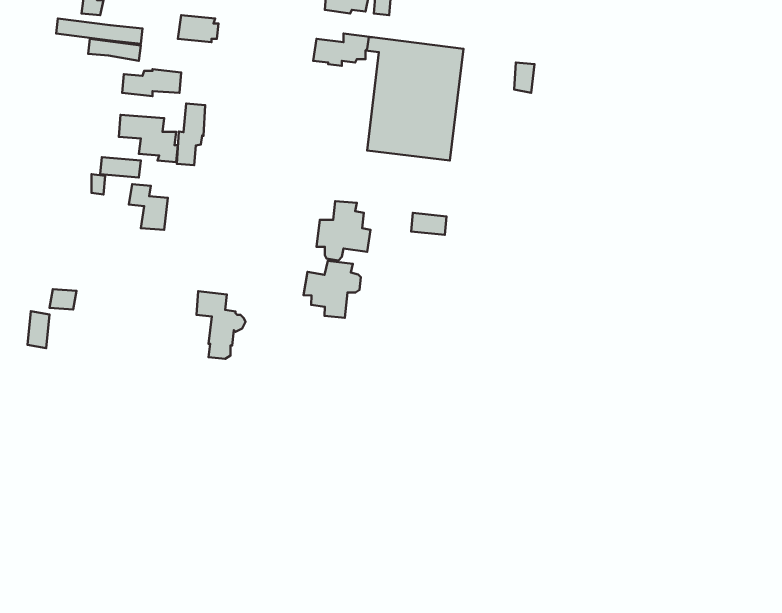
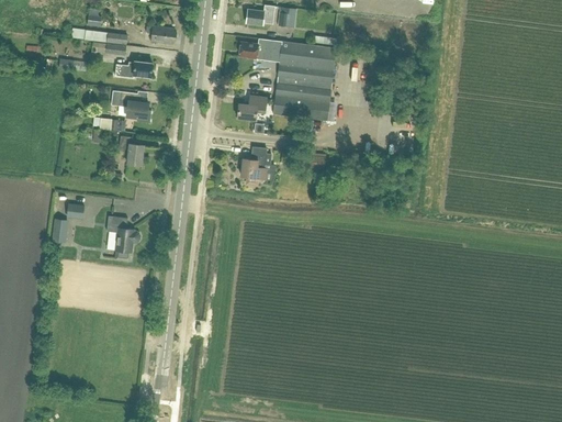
building: [177,104,205,165] -> none
building: none -> [236,95,266,119]
building: [304,261,361,318] -> none
building: [197,291,246,359] -> [106,215,138,259]

